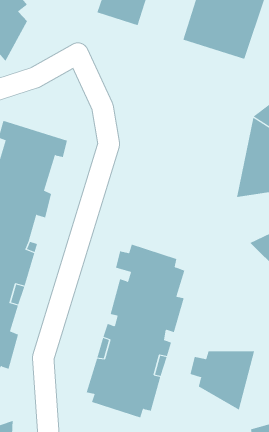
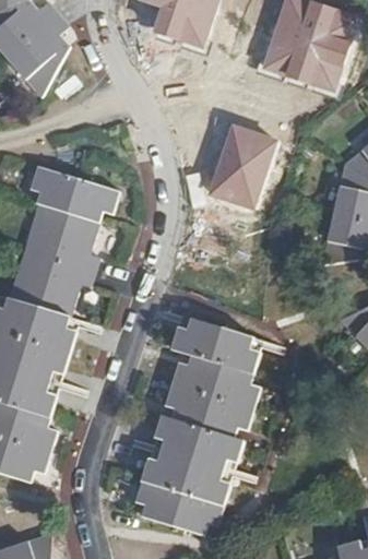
building: none -> [204,122,277,210]
building: [190,350,255,410] -> none

